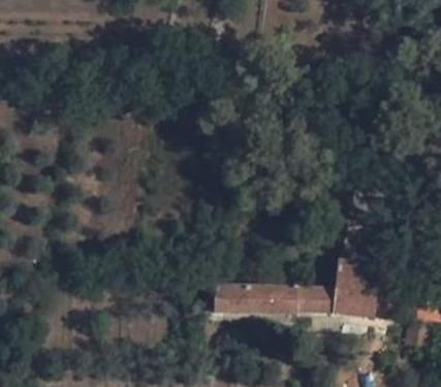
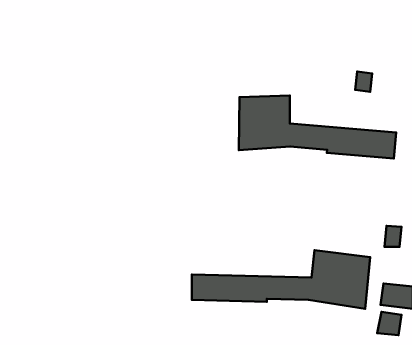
building: none -> [239,95,396,158]

